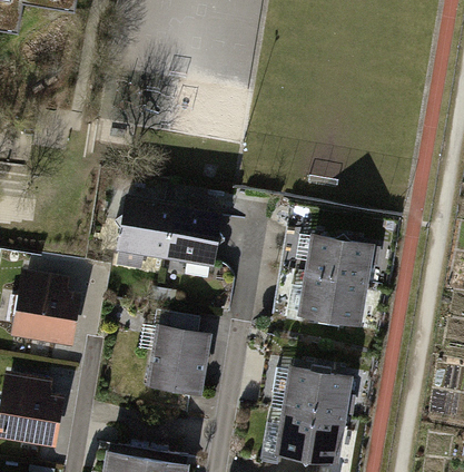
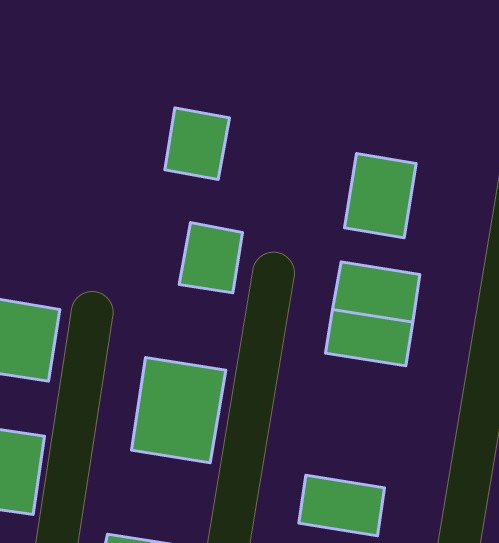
building: none -> [345,154,416,238]
building: [135,201,186,258] -> [165,108,230,180]
building: [277,375,345,420] -> none

